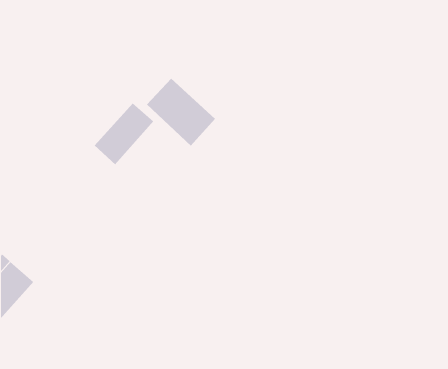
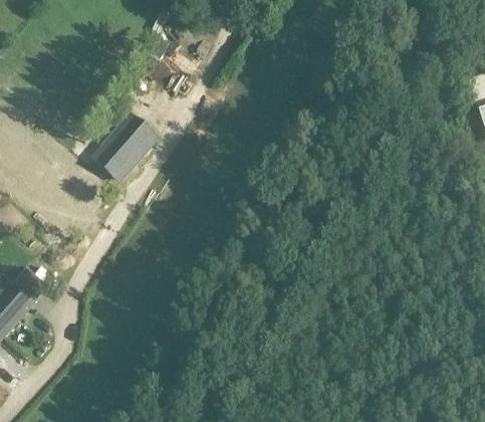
building: [146,78,216,146] -> none

